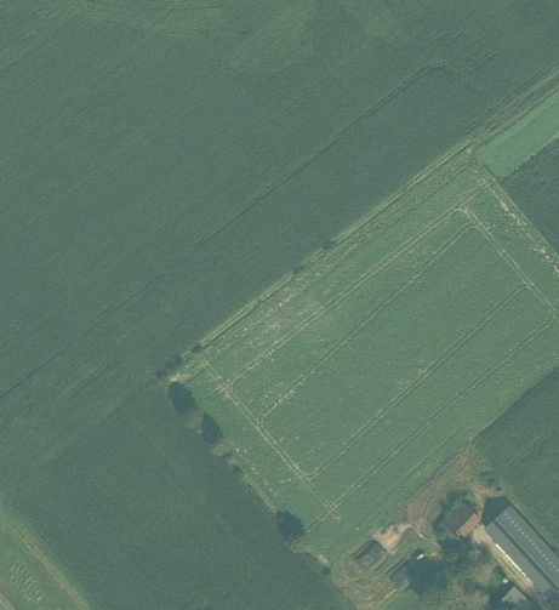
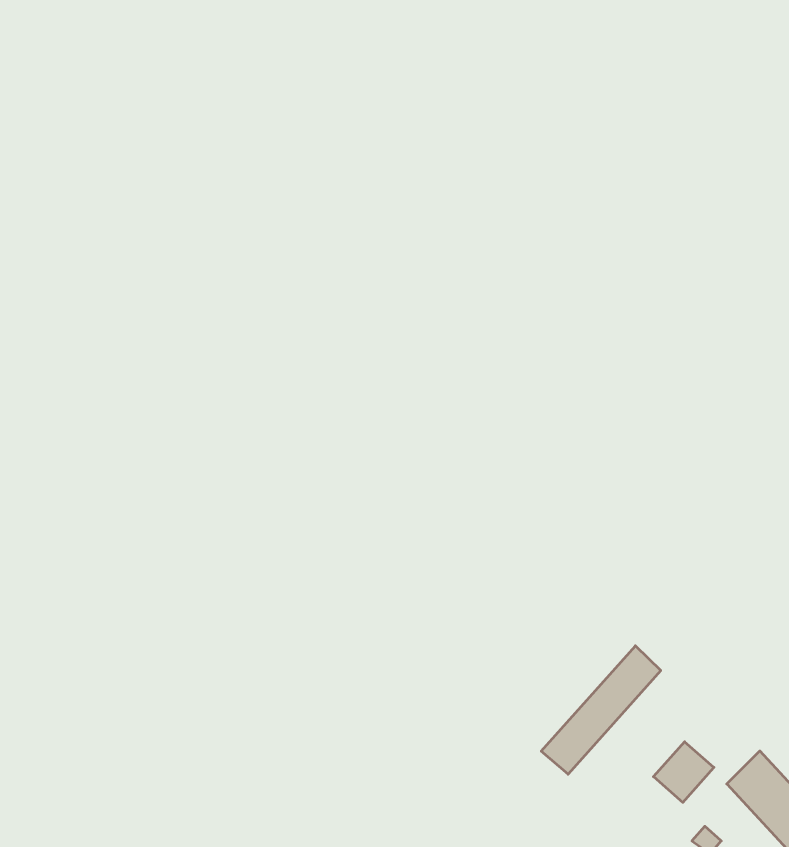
building: none -> [541,646,661,774]

